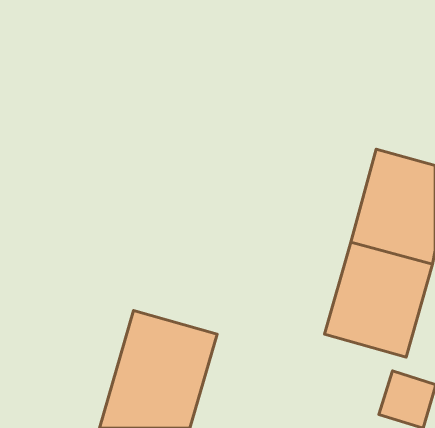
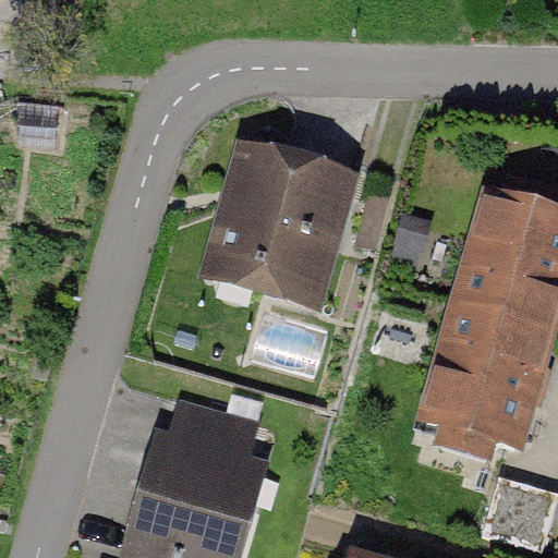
building: none -> [199,136,357,312]

